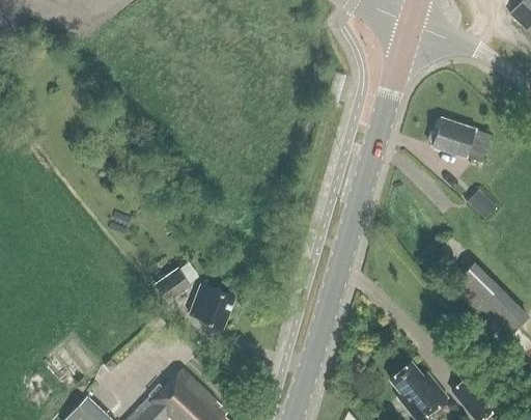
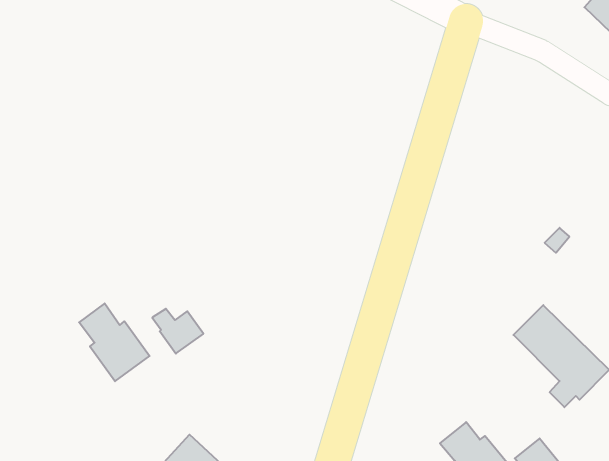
building: [429,115,492,161] -> none
building: none -> [79,303,150,381]
building: [190,285,234,329] -> none

